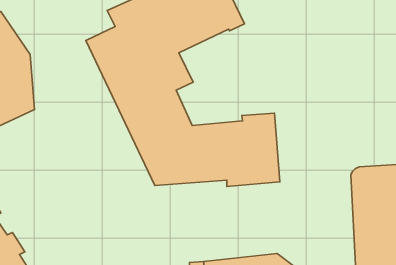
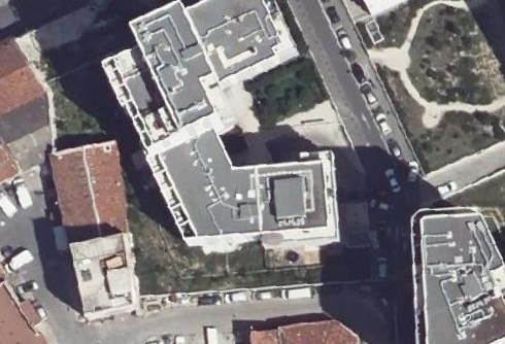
building: none -> [49,140,135,315]

